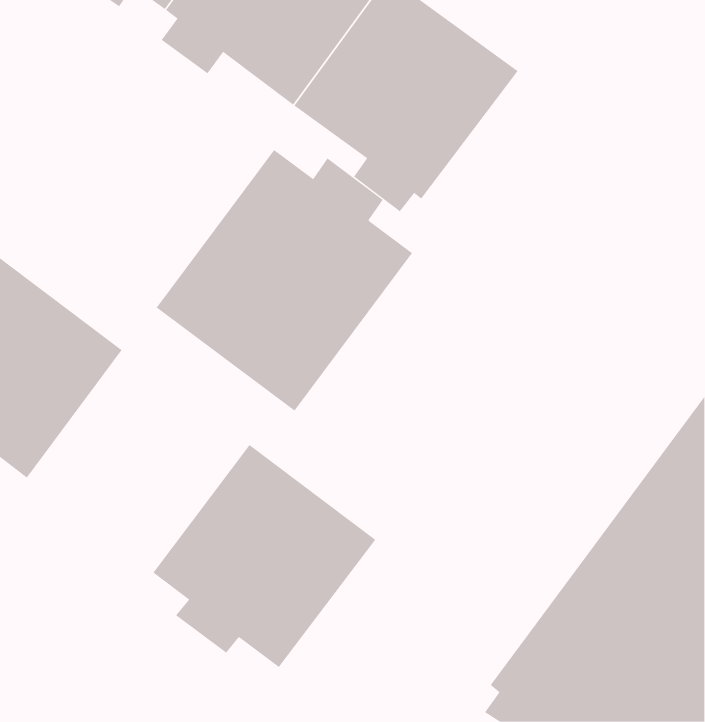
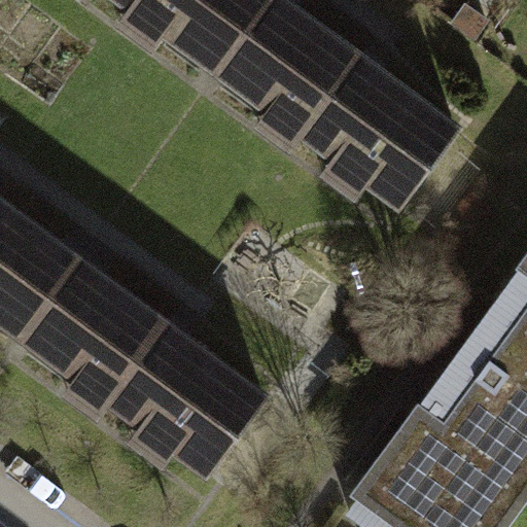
building: none -> [305,51,467,213]
building: [156,149,413,412] -> none
building: none -> [20,253,180,422]

